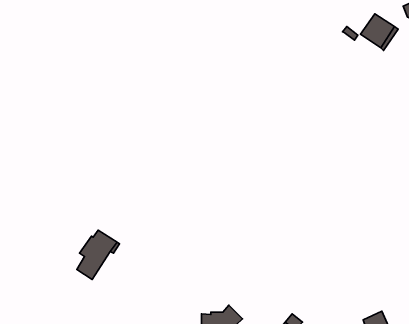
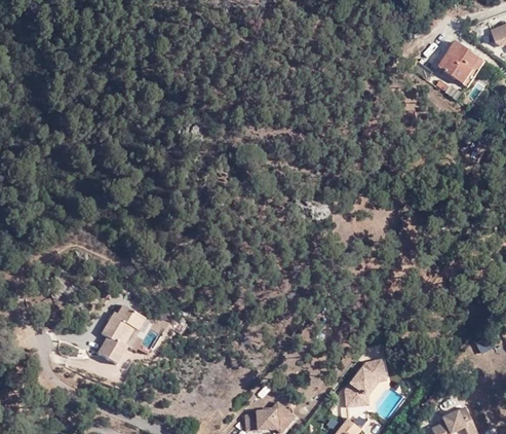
building: none -> [345,358,385,401]

